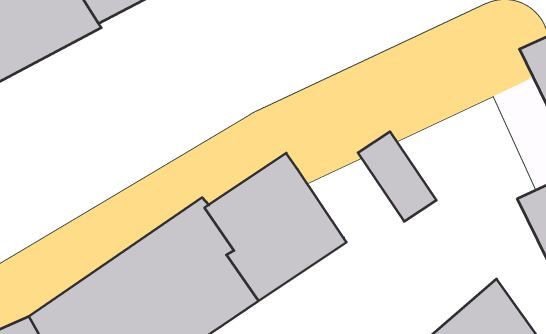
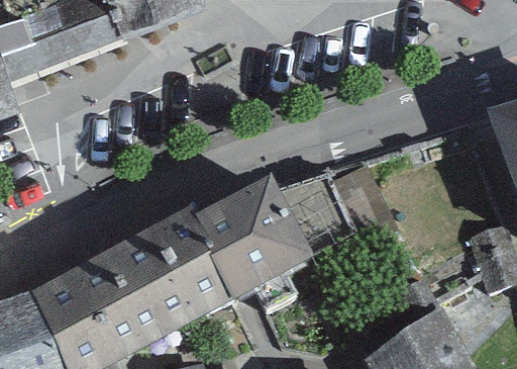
building: none -> [279,174,353,254]

